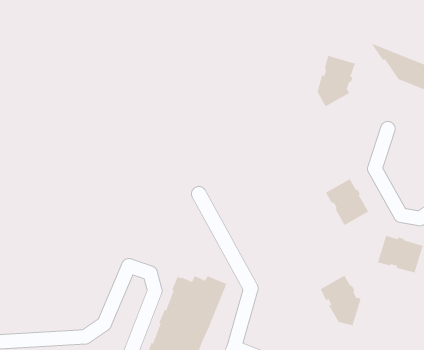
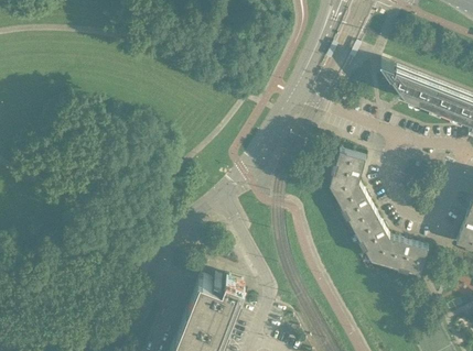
building: [317,55,356,107] -> [330,150,366,198]
building: [320,275,361,326] -> [355,216,394,263]

